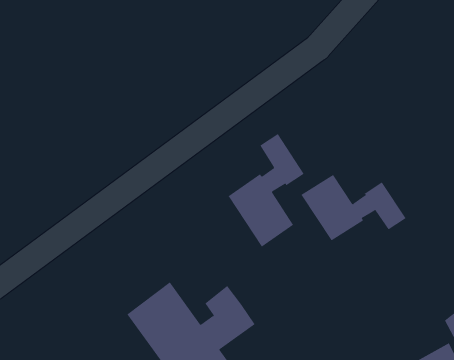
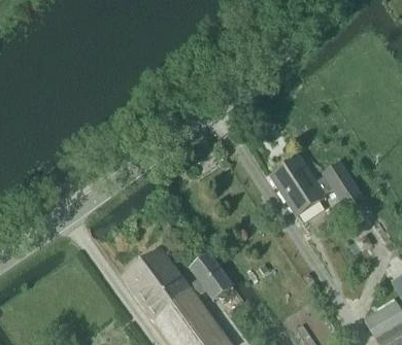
building: [228,133,305,247] -> none

